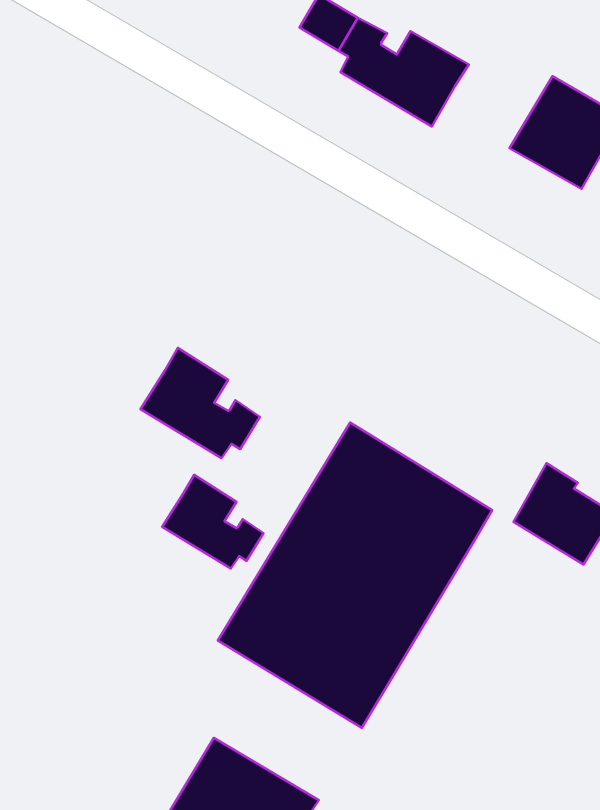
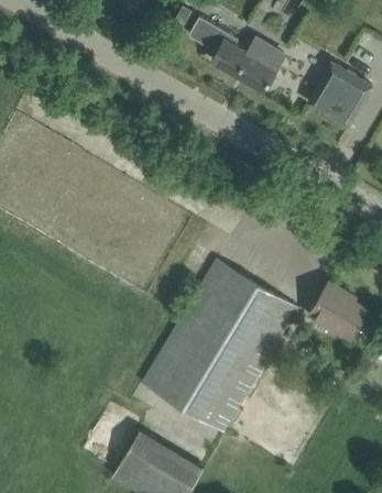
building: [141,348,260,458] -> none
building: [162,475,263,568] -> none

